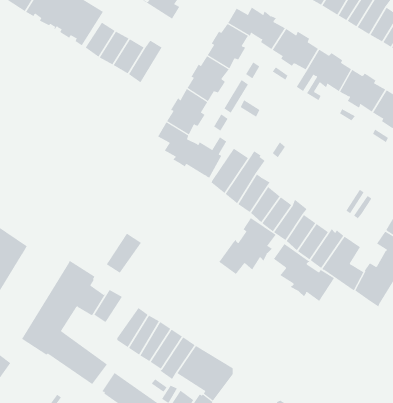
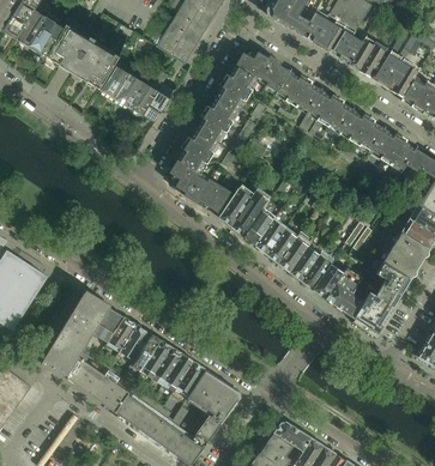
building: [219,217,277,275] -> none
building: [106,233,142,273] -> [117,325,151,363]
building: [273,243,335,302] -> none

